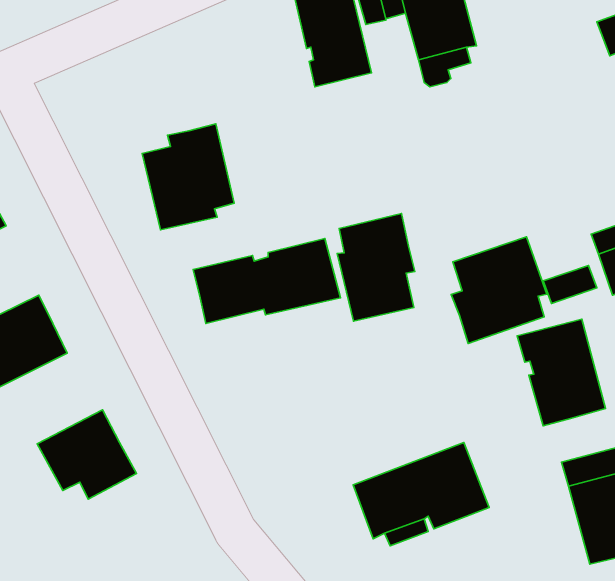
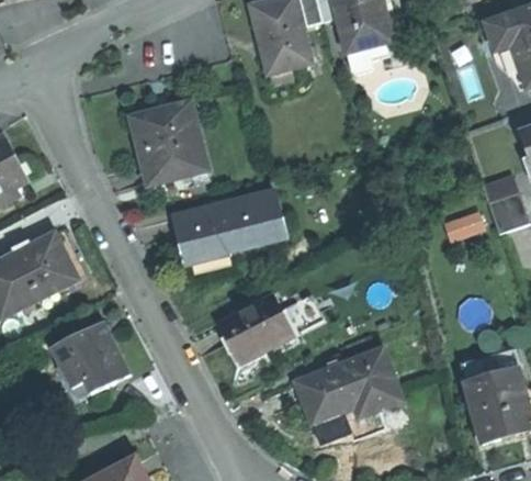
building: [337,214,415,321] -> none
building: [451,237,547,343] -> none
building: [517,319,606,426] -> none
building: none -> [218,294,294,362]

